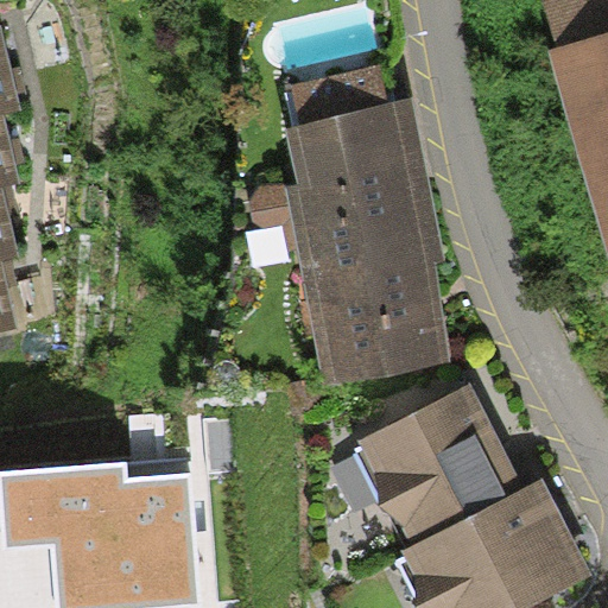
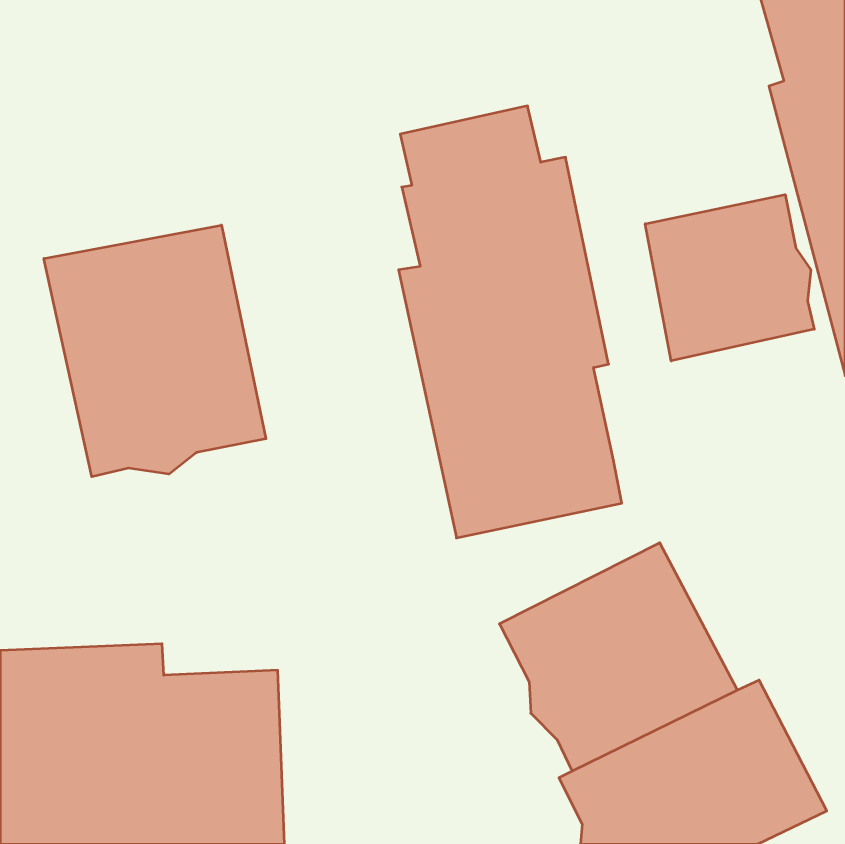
building: none -> [645,195,814,361]
building: none -> [44,225,266,477]

